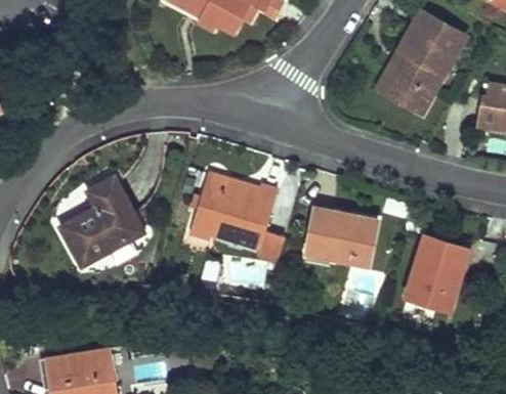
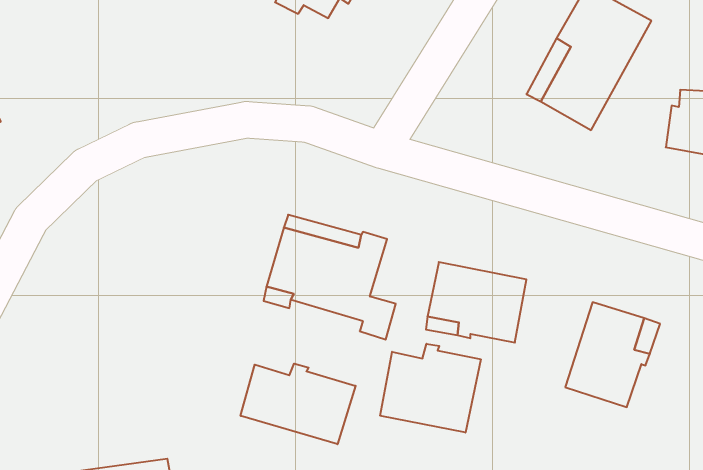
building: [59,176,143,267] -> none
building: none -> [380,344,481,433]
building: none -> [241,364,356,444]

